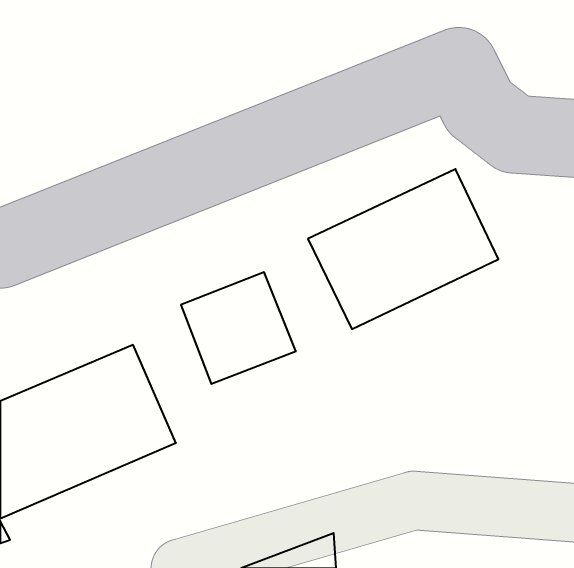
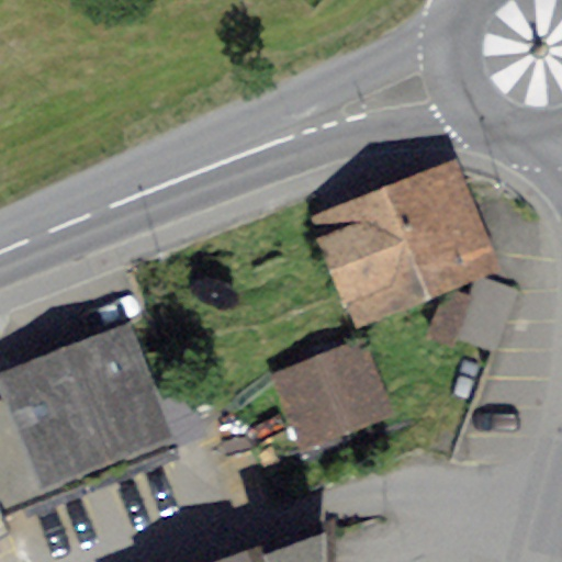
building: [181,272,296,384] -> [281,344,393,452]
building: none -> [441,272,515,337]

